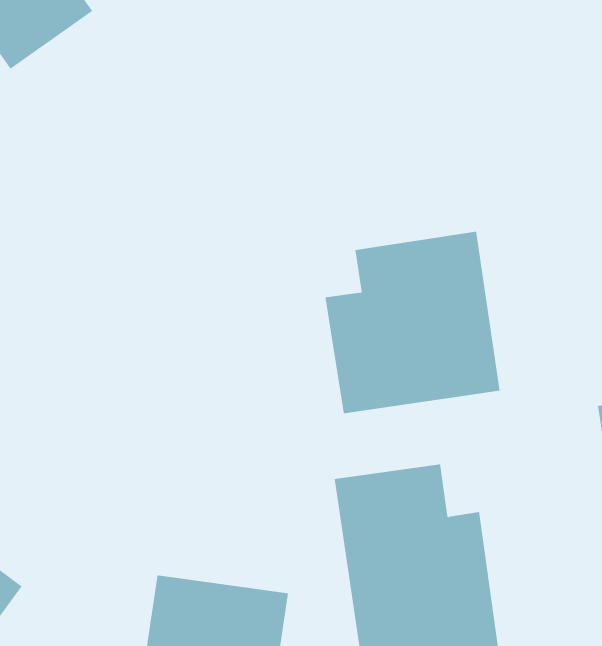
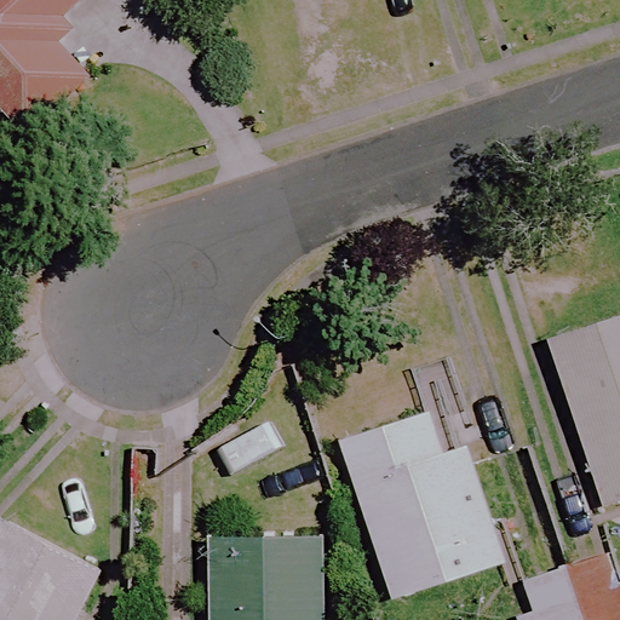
building: [325,231,500,414] -> none

